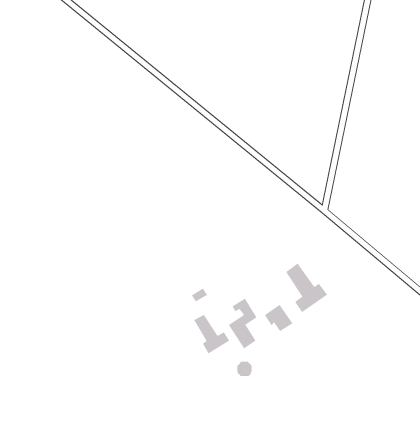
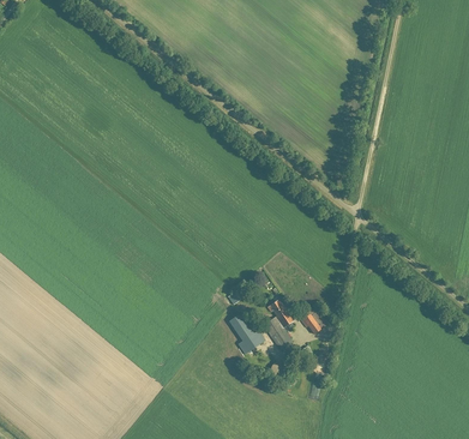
building: [285,262,328,313] -> none

